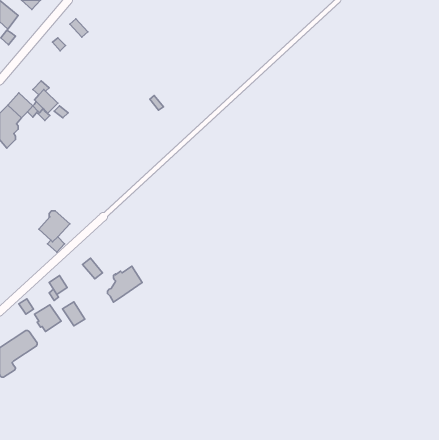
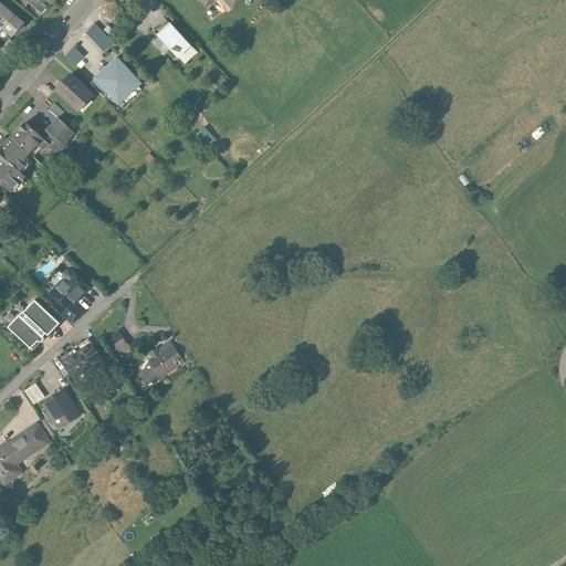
building: none -> [158,24,188,56]
building: none -> [93,57,142,106]
building: none -> [55,73,94,111]
building: none -> [7,300,63,350]
building: [63,302,85,326] -> [76,345,105,376]

